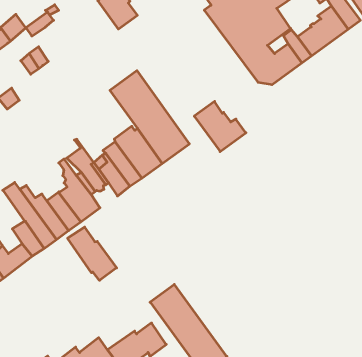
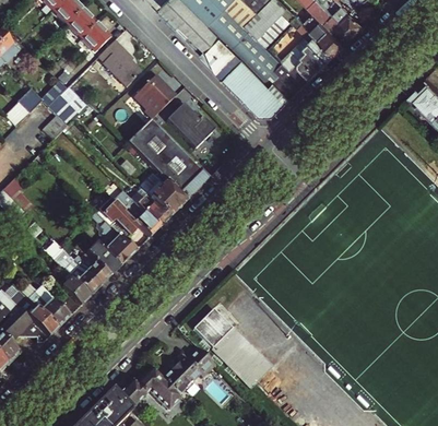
building: none -> [133,75,175,119]
building: none -> [48,95,78,126]
building: [194,101,246,152] -> [165,105,214,150]
building: [68,227,117,280] -> none

